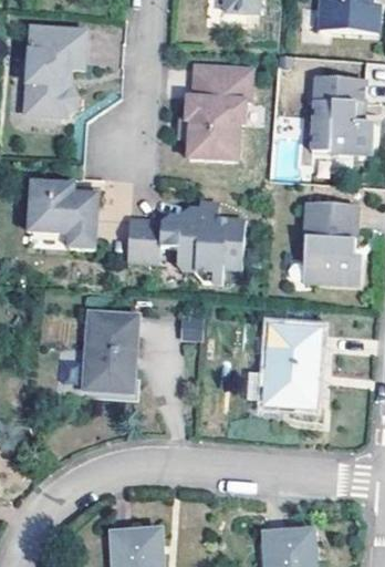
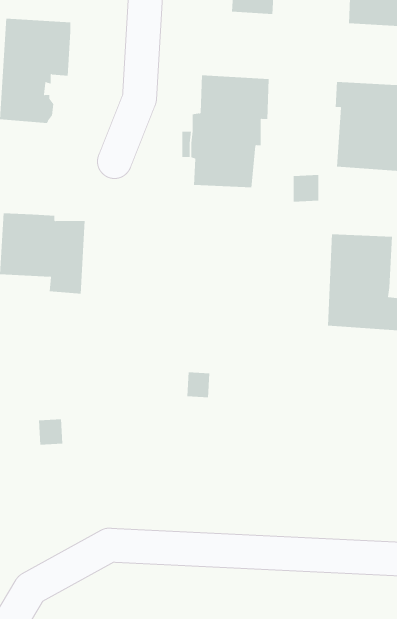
building: [126,200,243,281] -> none
building: [84,317,135,394] -> none
building: [267,329,319,408] -> none

